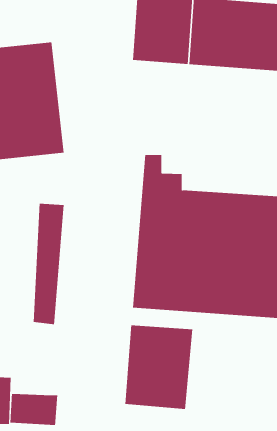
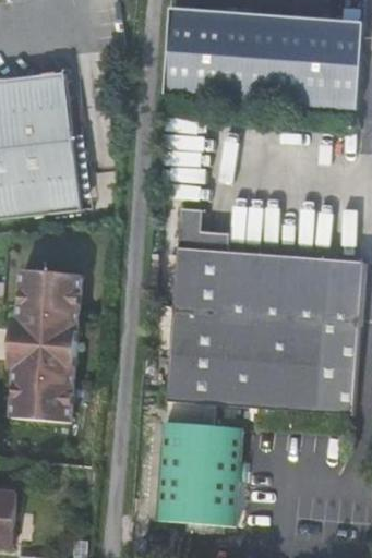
building: none -> [5,267,49,416]
building: [10,393,58,426] -> none

